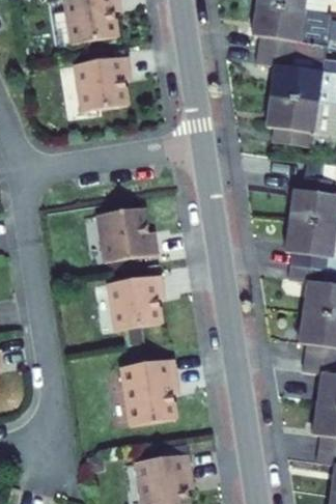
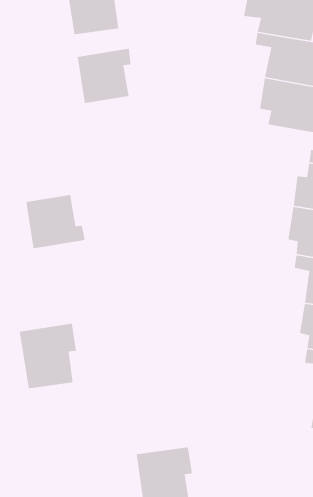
building: [100,208,159,262] -> [26,194,86,249]
building: [110,275,164,329] -> none
building: [121,357,178,422] -> [19,323,77,389]

